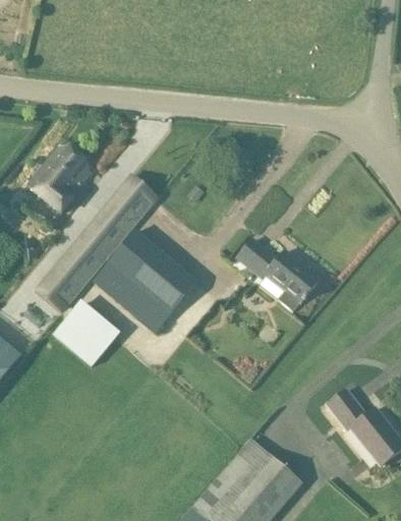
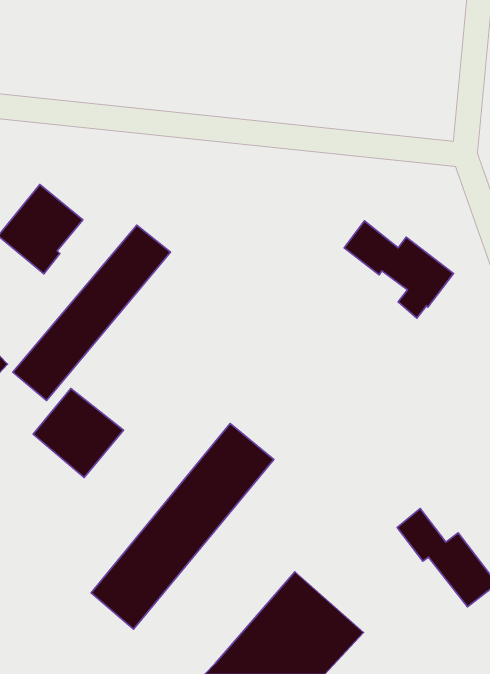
building: [92,230,198,334] -> none
building: [237,239,320,312] -> [344,221,453,318]
building: none -> [91,424,274,629]

